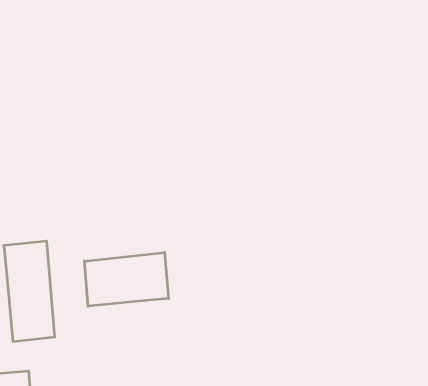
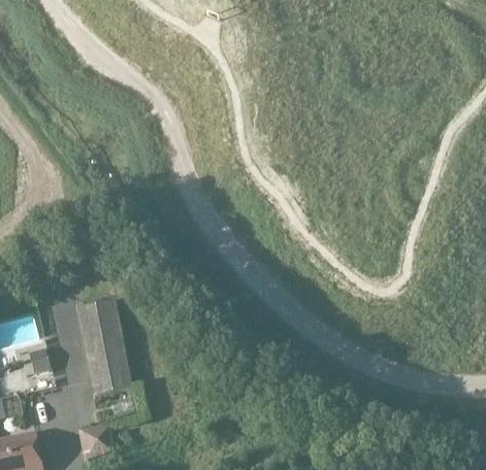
building: [84,252,169,306] -> none

